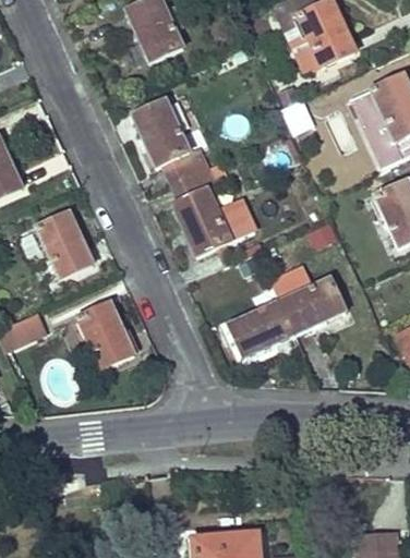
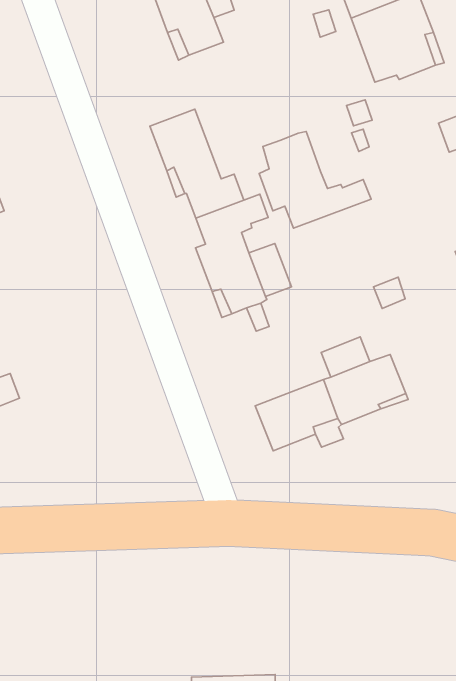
building: none -> [259,132,371,228]
building: [37,211,93,278] -> none
building: [76,302,133,366] -> none

